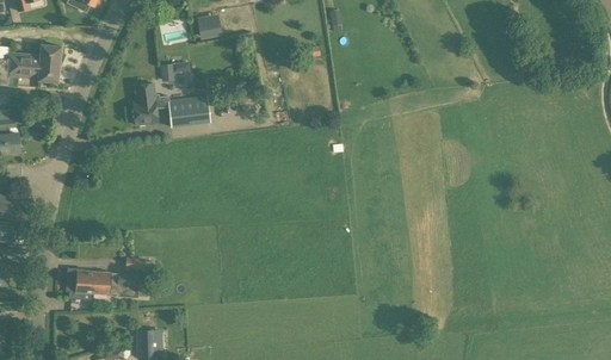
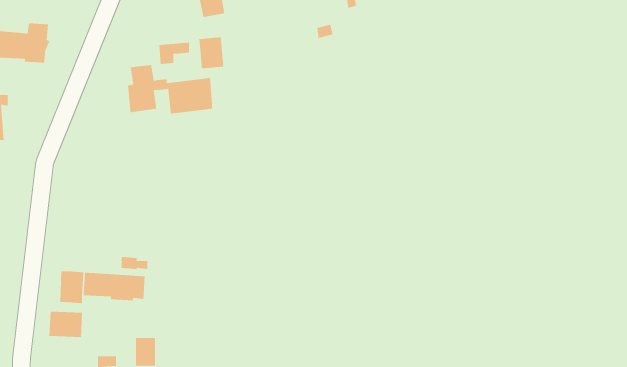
building: none -> [199,36,224,69]
building: none -> [49,311,83,338]

